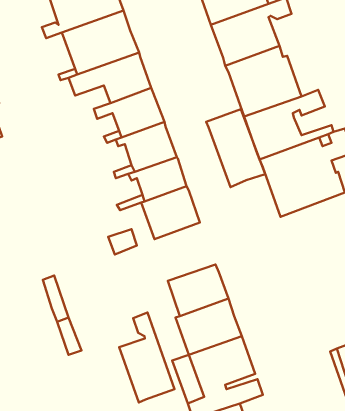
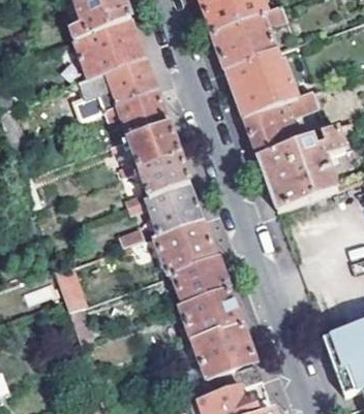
building: [206,109,265,187] -> none
building: none -> [154,217,217,274]
building: [119,312,175,403] -> none

